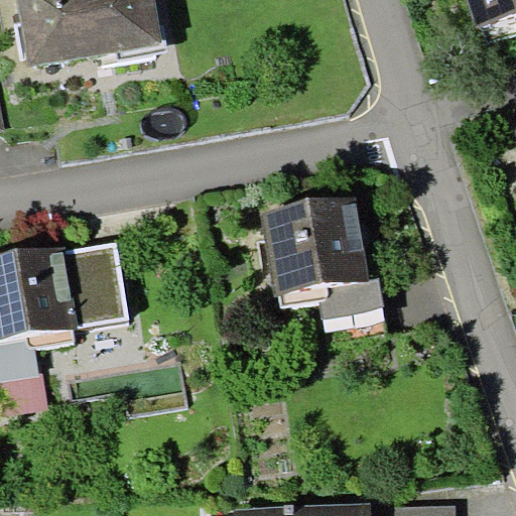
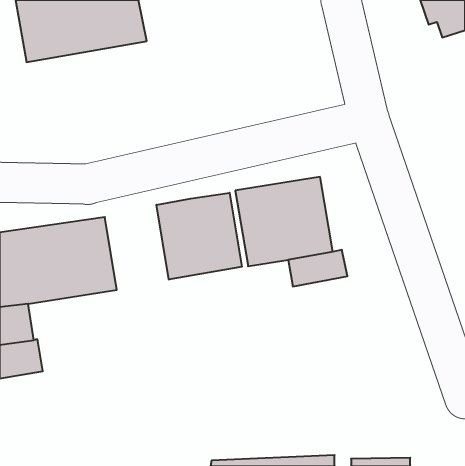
building: none -> [156,193,242,280]

